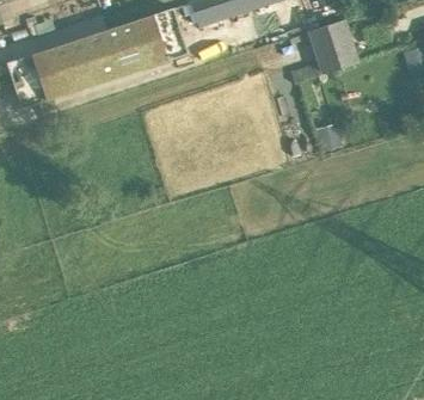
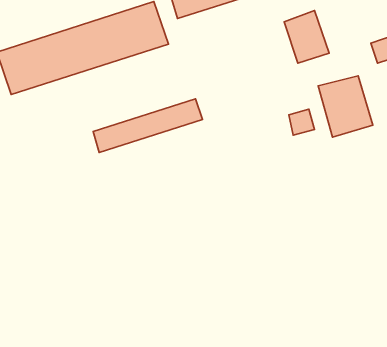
building: none -> [318,76,373,137]
building: none -> [93,99,203,153]

